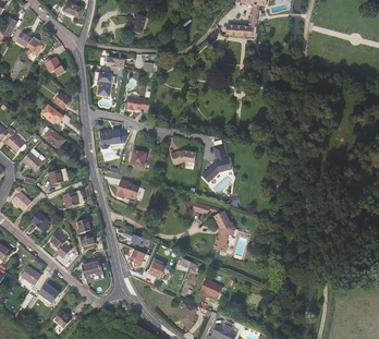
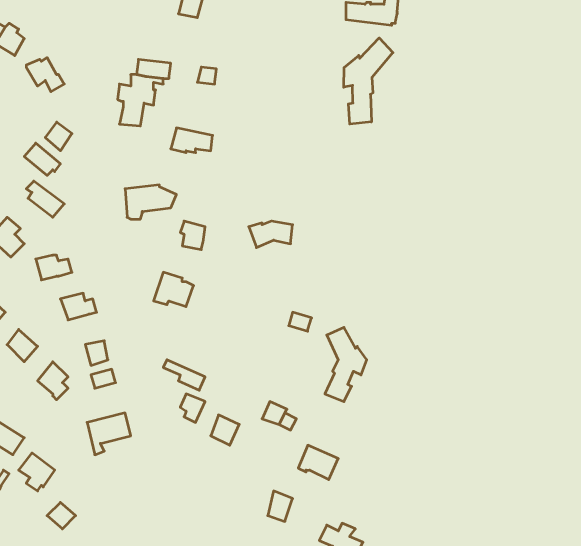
building: none -> [344,38,393,124]
building: [203,143,232,182] -> none

